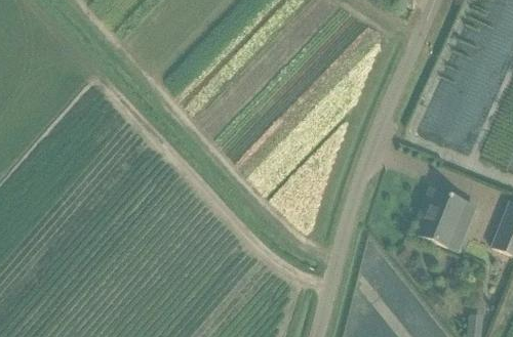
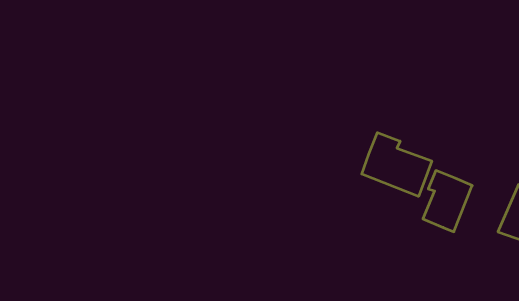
building: none -> [362,133,432,196]

